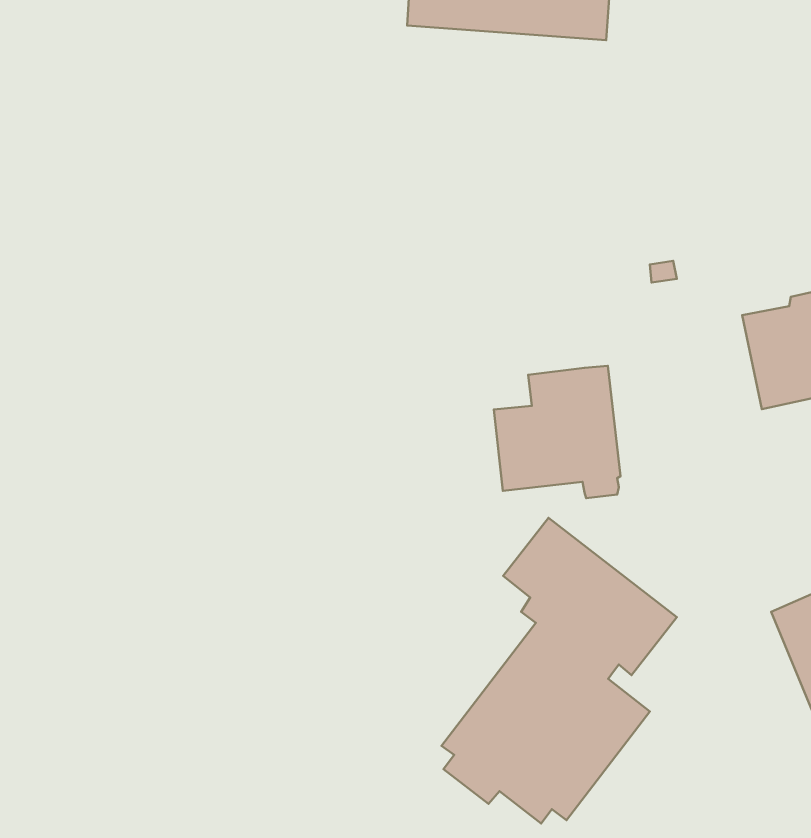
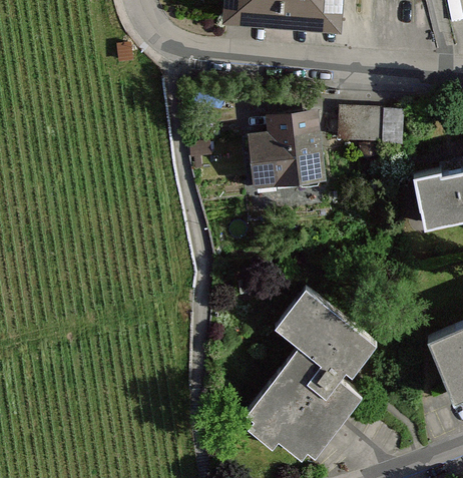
building: none -> [338,109,403,145]
building: [494,366,621,498] -> [251,116,321,189]

